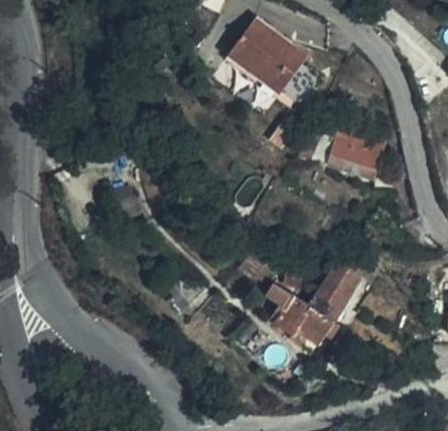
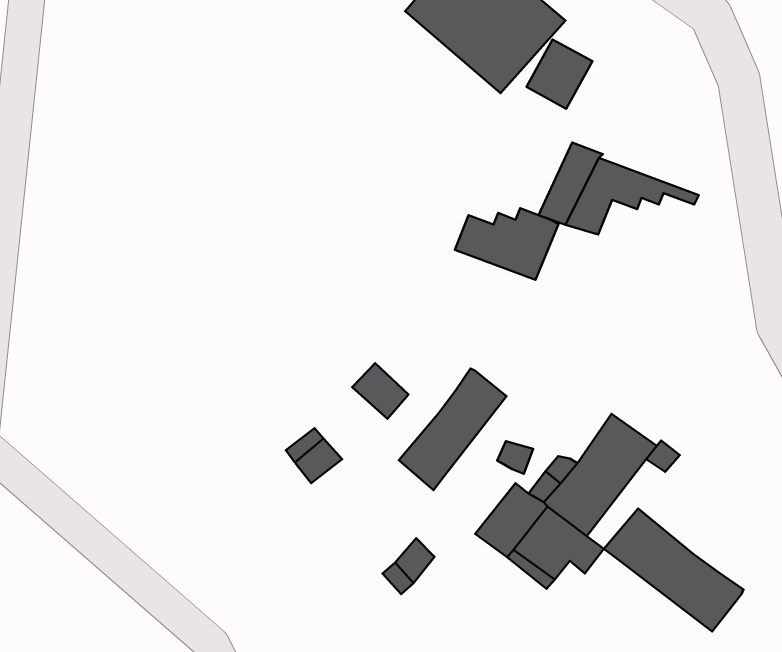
building: [330,142,383,178] -> [455,208,558,280]
building: none -> [399,369,507,490]
building: none -> [604,508,744,632]

